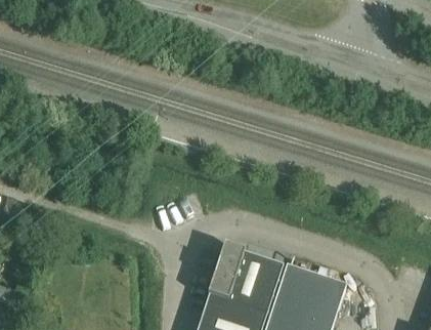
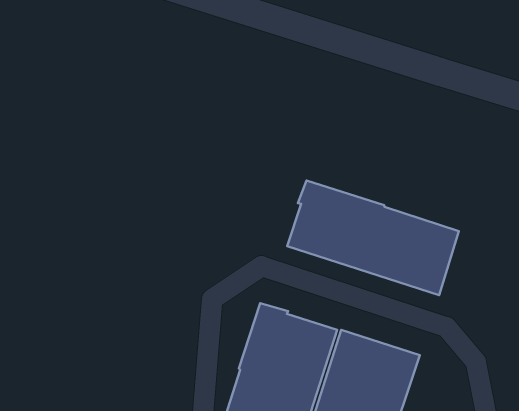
building: none -> [287,180,459,295]

